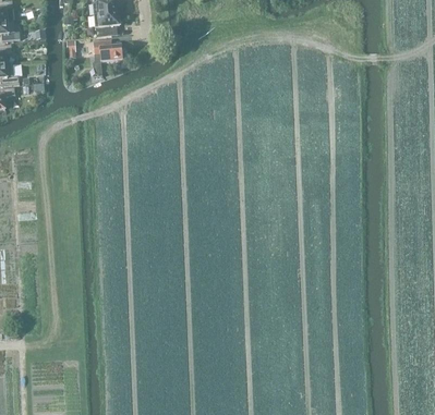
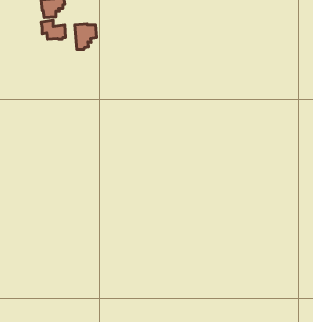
building: none -> [75,24,96,50]

